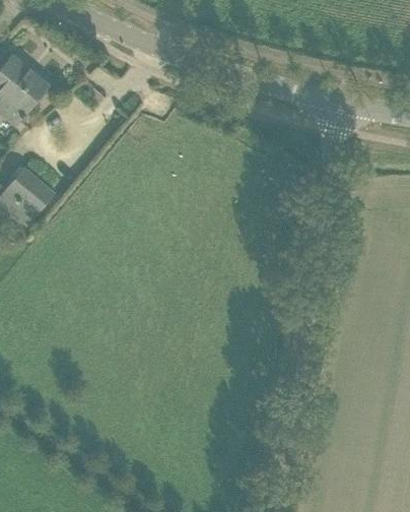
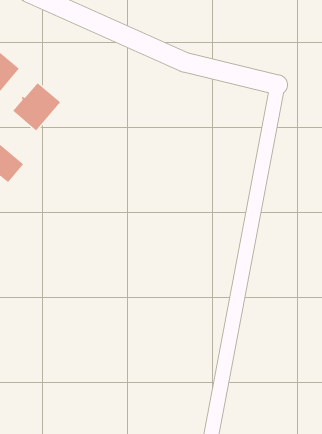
building: none -> [12,82,61,132]

